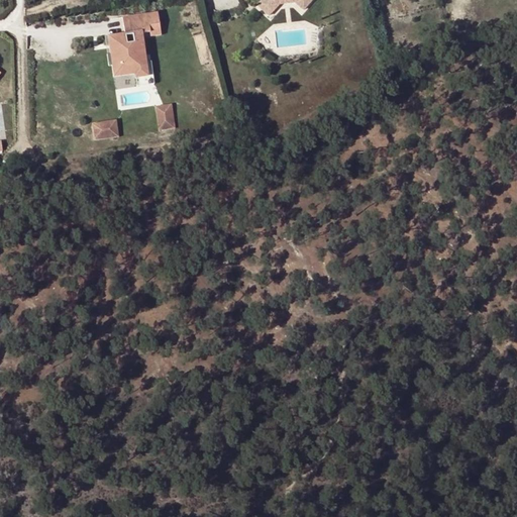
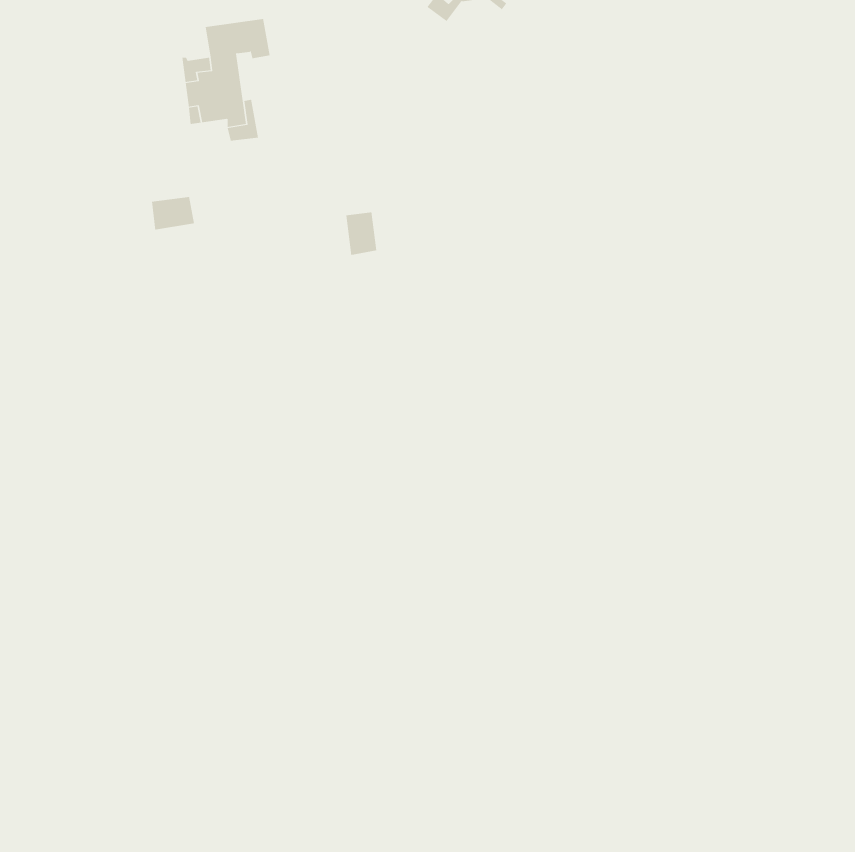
building: [153,102,173,128] -> [345,212,377,255]

